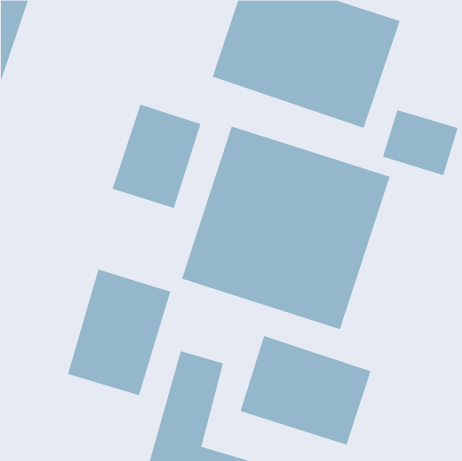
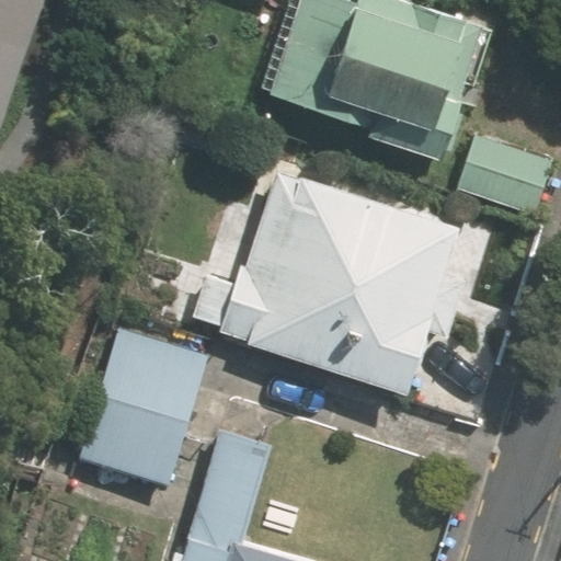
building: [112,104,201,209] -> none
building: [240,335,371,446] -> none

